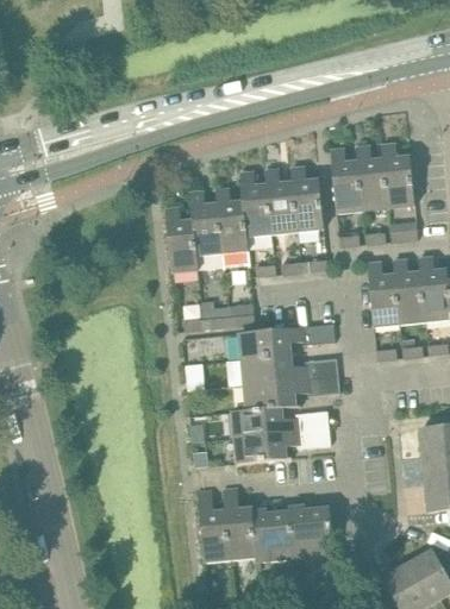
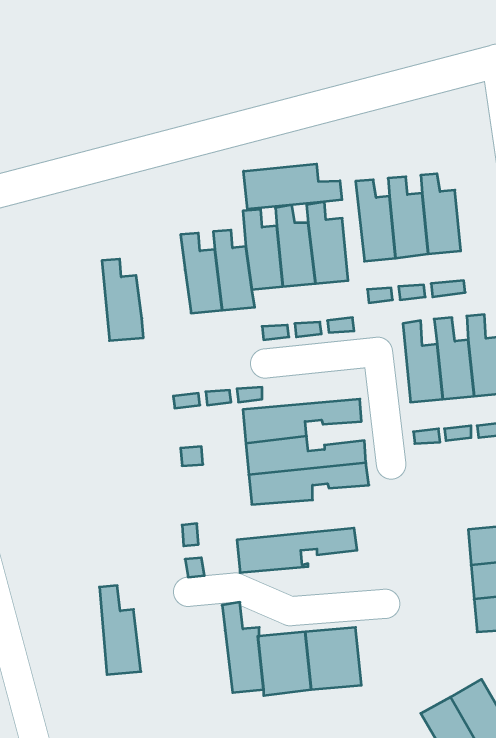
building: none -> [244,164,342,209]
building: [165,207,199,272] -> [102,259,143,341]
building: [232,403,329,437] -> none
building: [198,490,231,561] -> [99,586,141,675]

